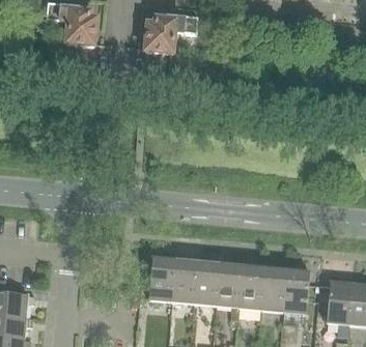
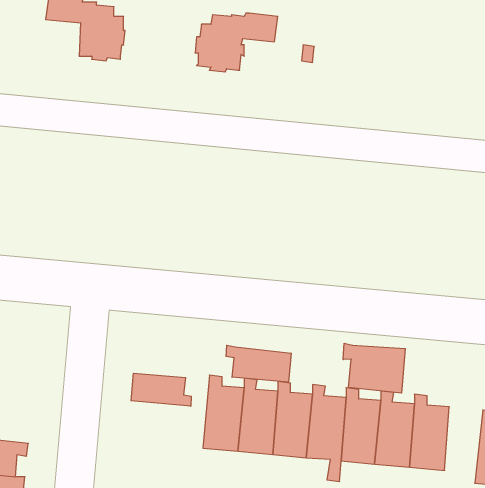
building: none -> [343,343,405,393]
building: none -> [226,345,291,382]
building: none -> [131,373,191,406]

